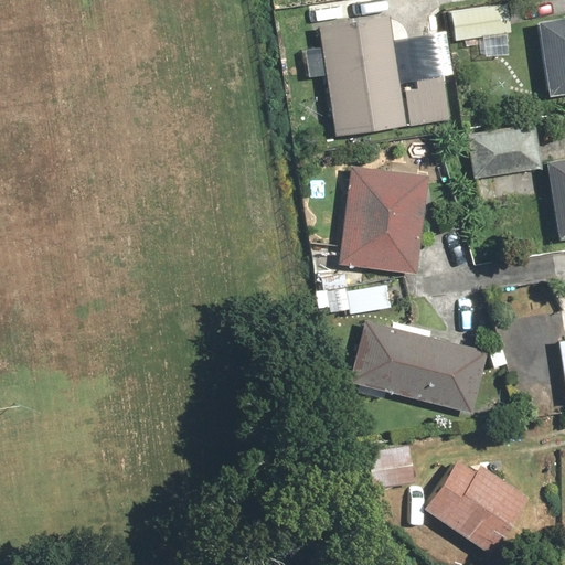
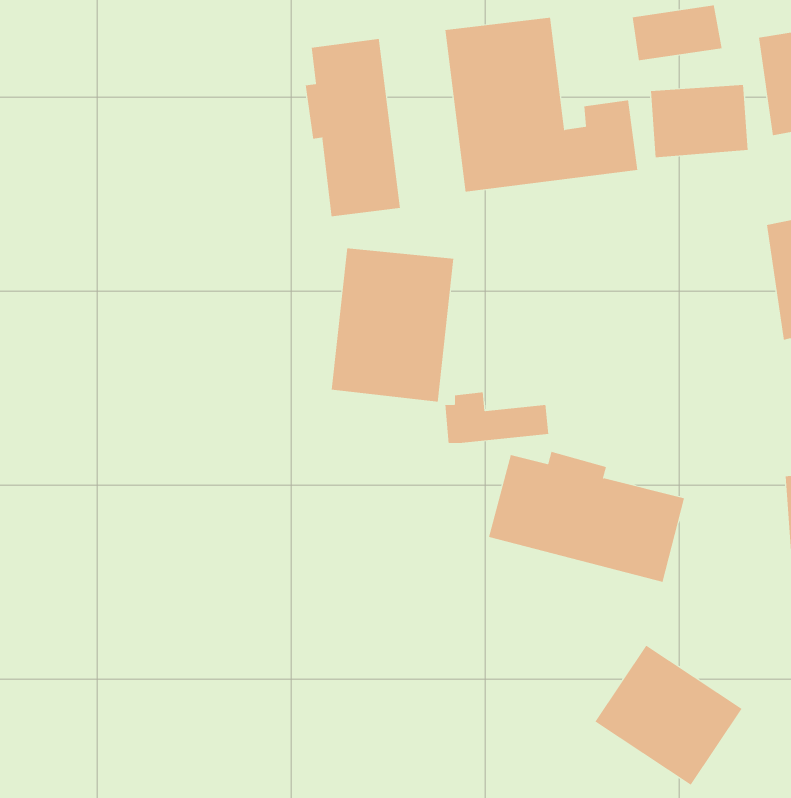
building: none -> [305,38,400,217]
building: [471,127,541,179] -> [650,84,749,158]
building: [340,164,427,274] -> [331,248,454,402]

